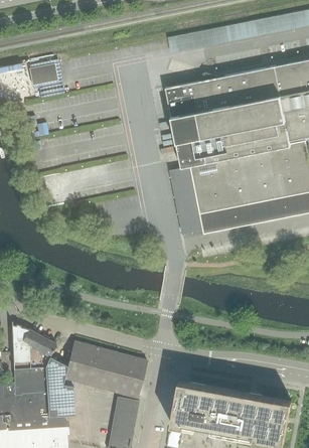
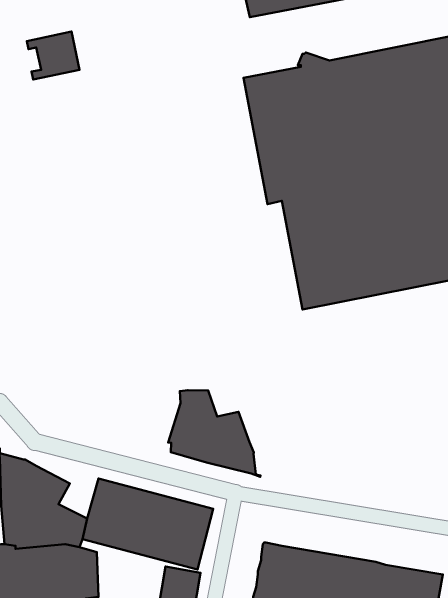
building: none -> [168,390,260,477]

